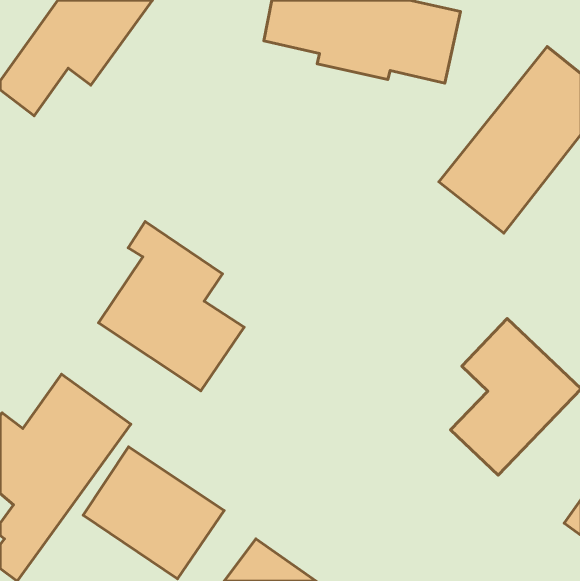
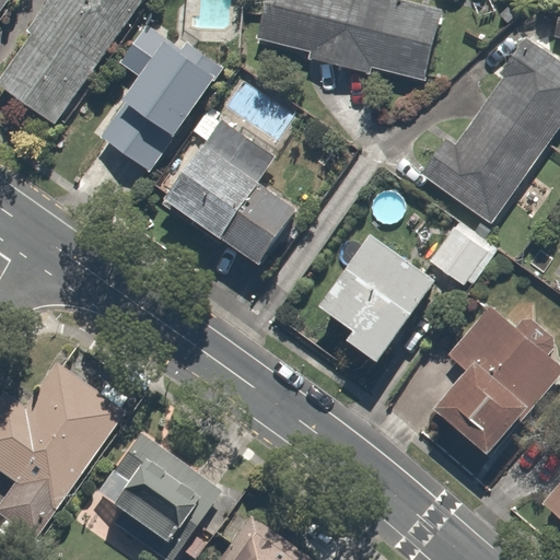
building: none -> [103,22,217,174]
building: [99,222,244,391] -> [159,104,299,267]
building: none -> [429,225,492,290]
building: none -> [320,235,439,364]

